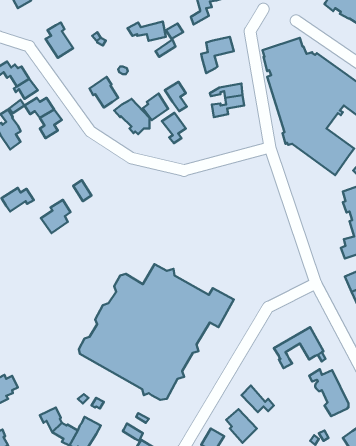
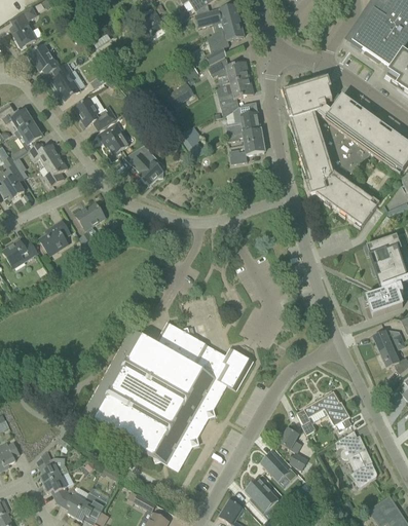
building: none -> [29,43,59,73]
building: [128,22,166,41] -> [208,61,249,81]
building: none -> [74,97,115,127]
building: none -> [225,102,261,138]
building: [143,93,168,120] -> none
building: [162,113,186,143] -> none
building: none -> [75,202,106,229]
building: [41,200,71,233] -> [39,220,71,256]
building: none -> [279,427,307,468]
building: none -> [36,451,69,484]

